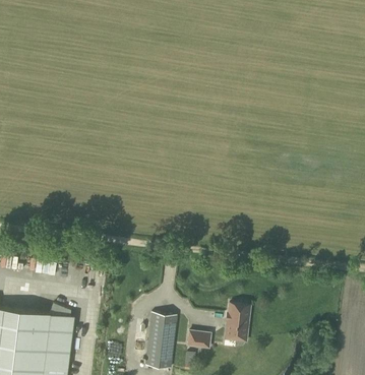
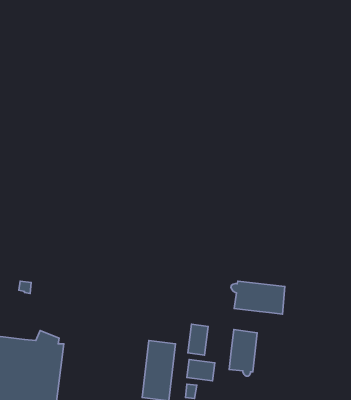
building: none -> [231,281,285,314]
building: none -> [188,324,208,355]

